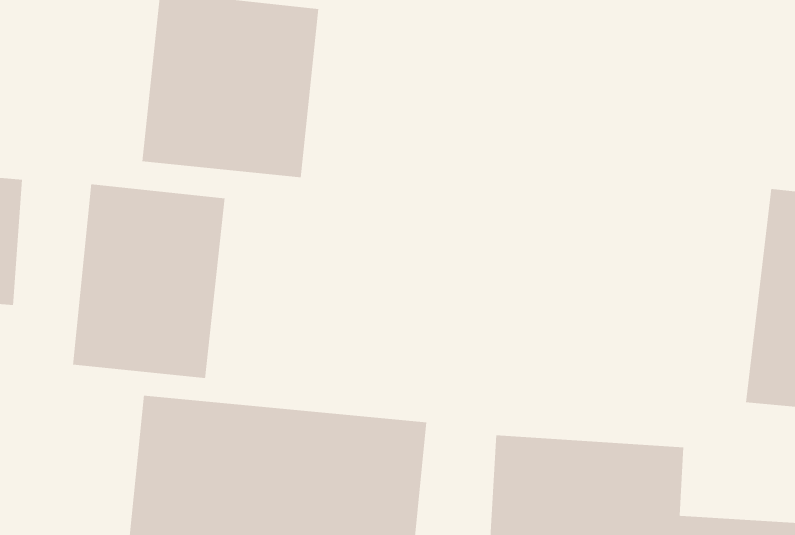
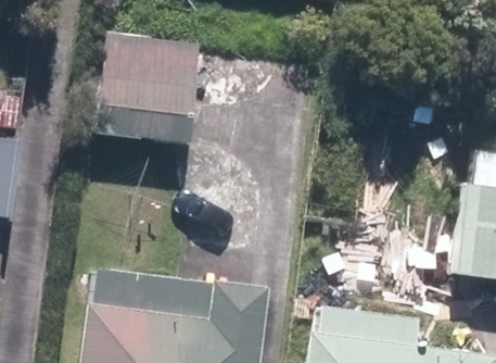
building: [72,184,225,379] -> none

